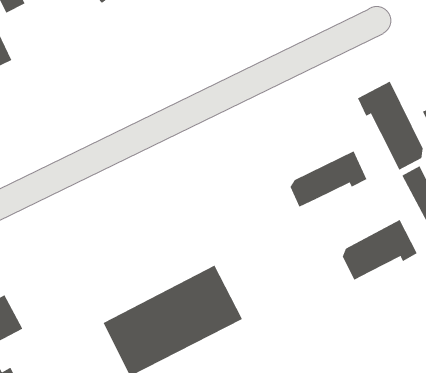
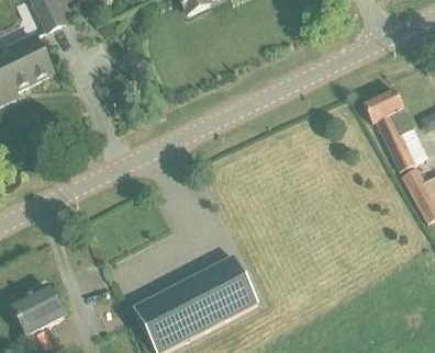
building: [290,150,367,207] -> none
building: [342,219,417,281] -> none

